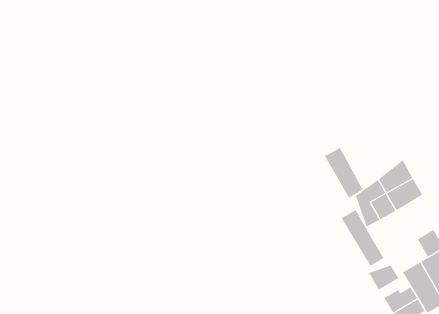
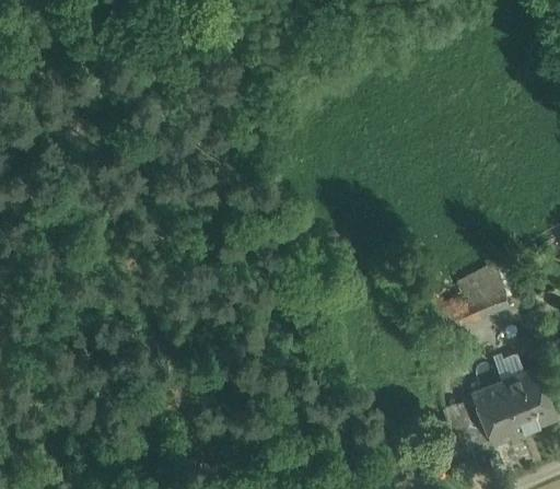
building: [324,147,364,198] -> none
building: [341,209,384,267] -> none
building: [368,265,399,290] -> none

